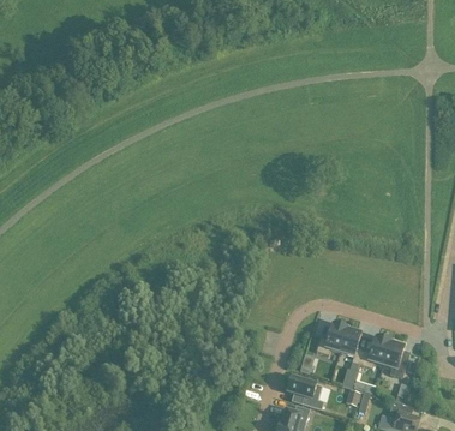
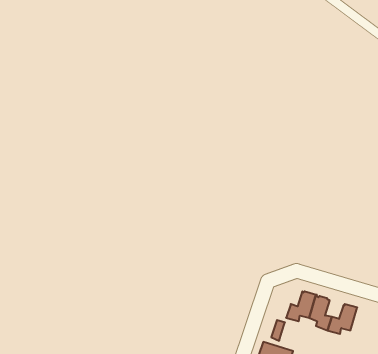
building: [382,339,406,376] -> none

